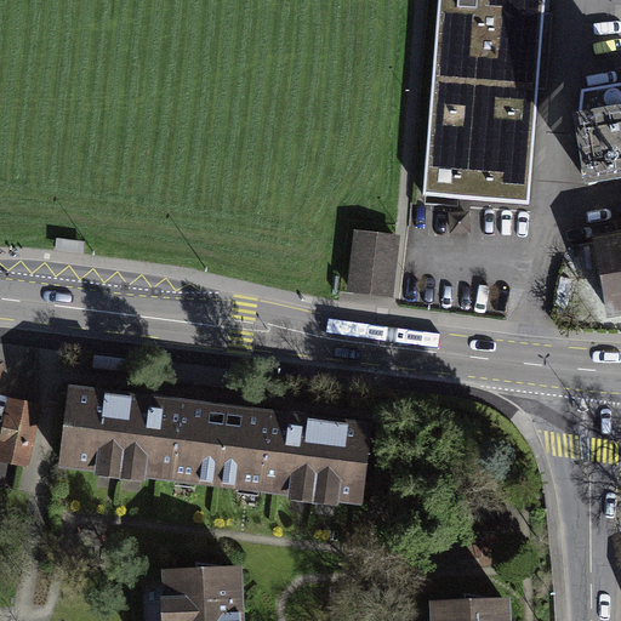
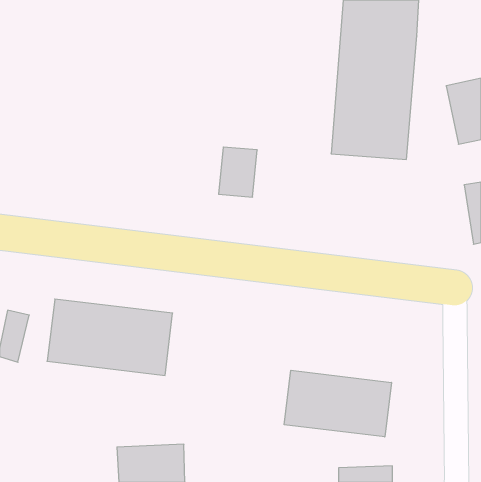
building: [347,233,397,297] -> [219,147,257,197]
building: [212,403,371,501] -> none
building: none -> [284,370,391,437]

